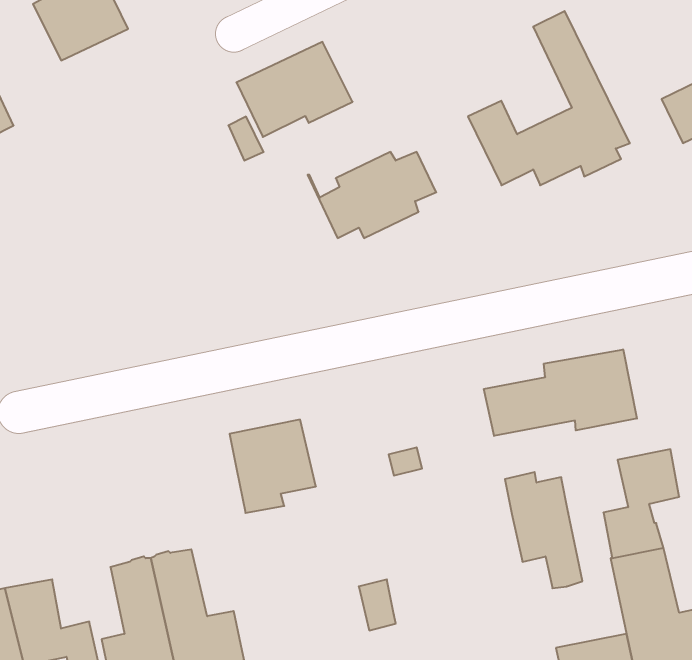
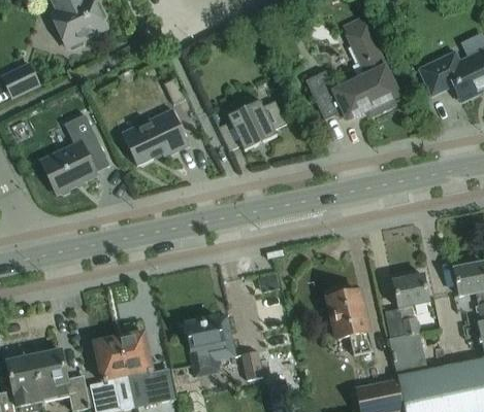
building: [236,42,353,137] -> [121,109,189,165]
building: none -> [39,113,108,195]
building: [484,349,637,436] -> none
building: [230,420,316,513] -> [185,315,235,370]

